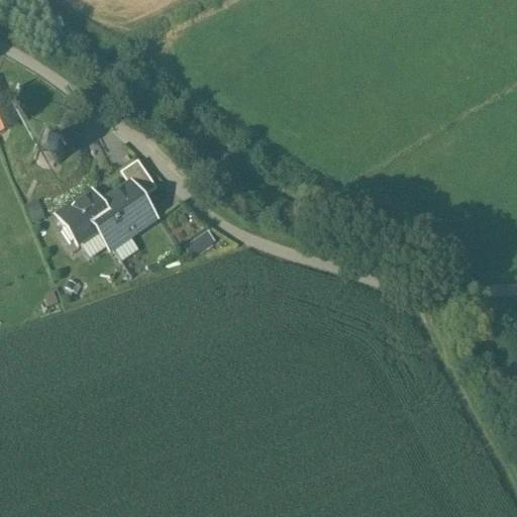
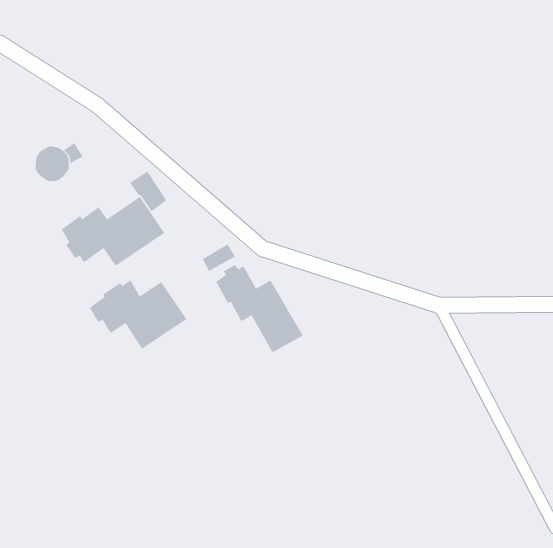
building: none -> [215,264,303,354]
building: none -> [89,280,187,350]

